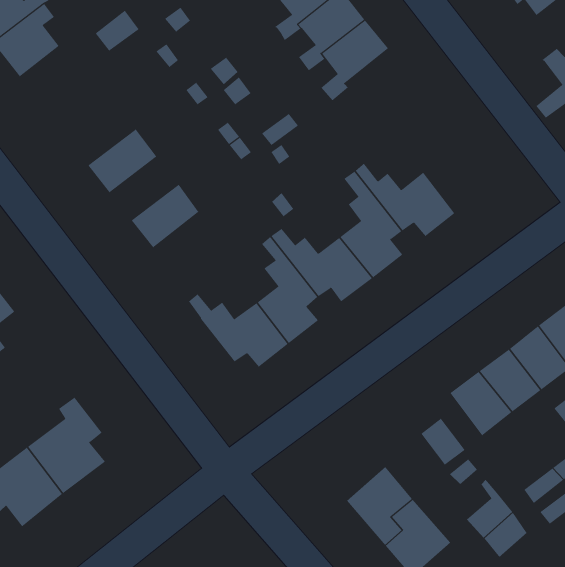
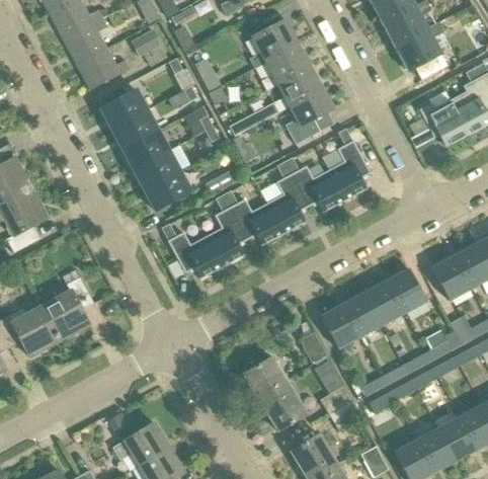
building: none -> [77,47,129,88]
building: none -> [283,84,334,144]
building: none -> [100,88,147,128]
building: none -> [329,127,371,198]
building: none -> [123,130,169,168]
building: none -> [145,170,191,210]

